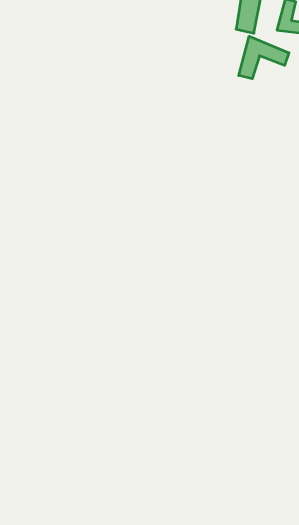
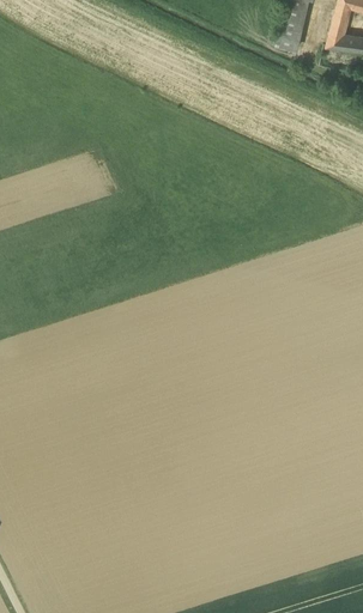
building: [239,36,289,79] -> none

